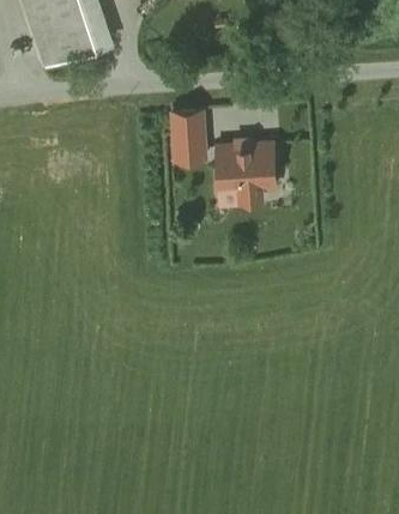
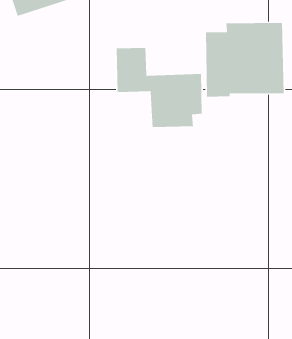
building: none -> [205,22,284,97]

